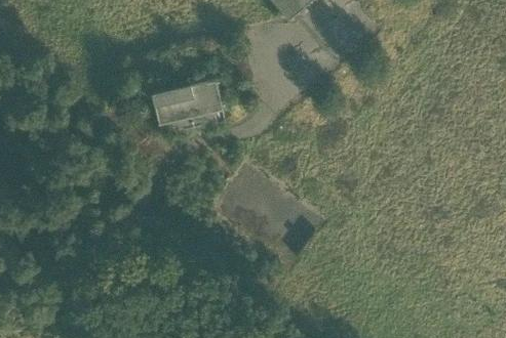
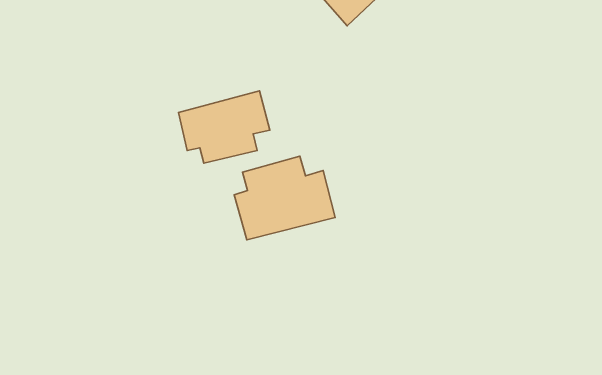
building: none -> [234,156,335,240]

